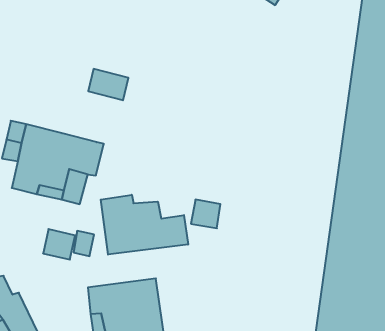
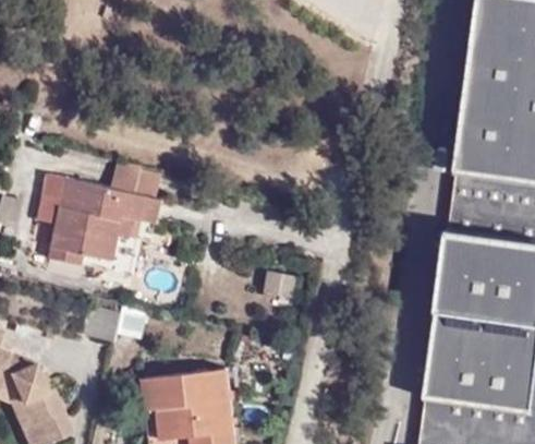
building: [88,69,128,100] -> [108,163,157,201]
building: [101,195,188,255] -> none

